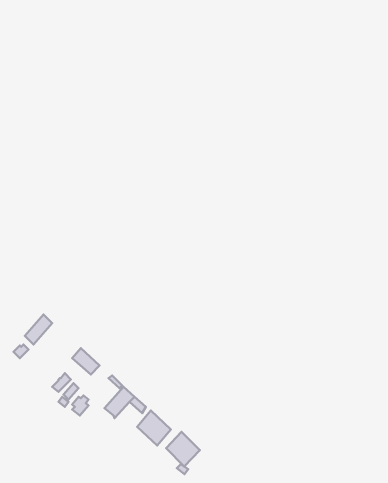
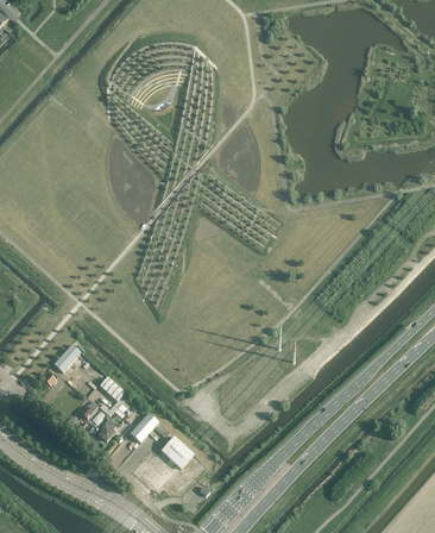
building: [166,432,200,467] -> none

